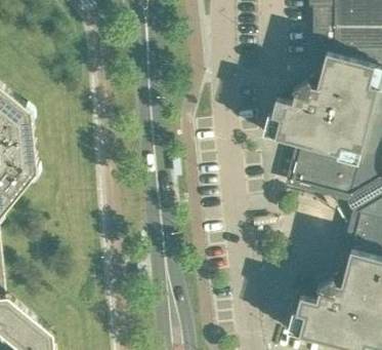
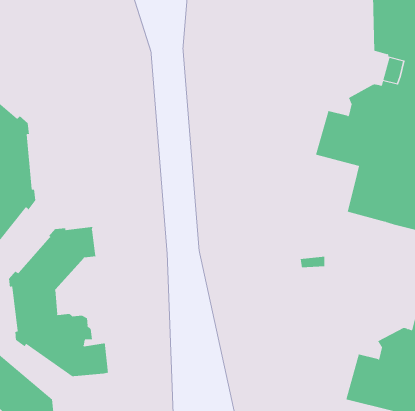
building: none -> [9,226,108,377]

